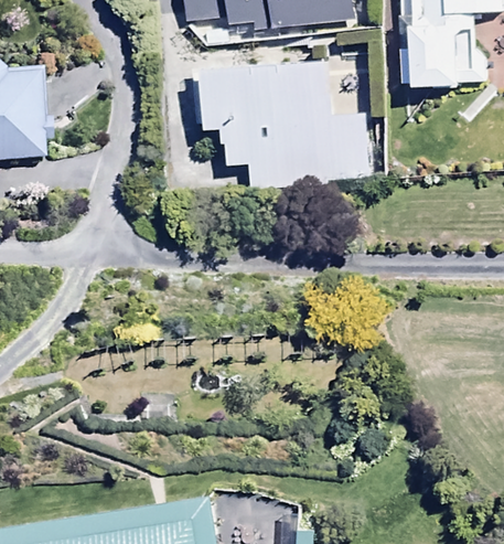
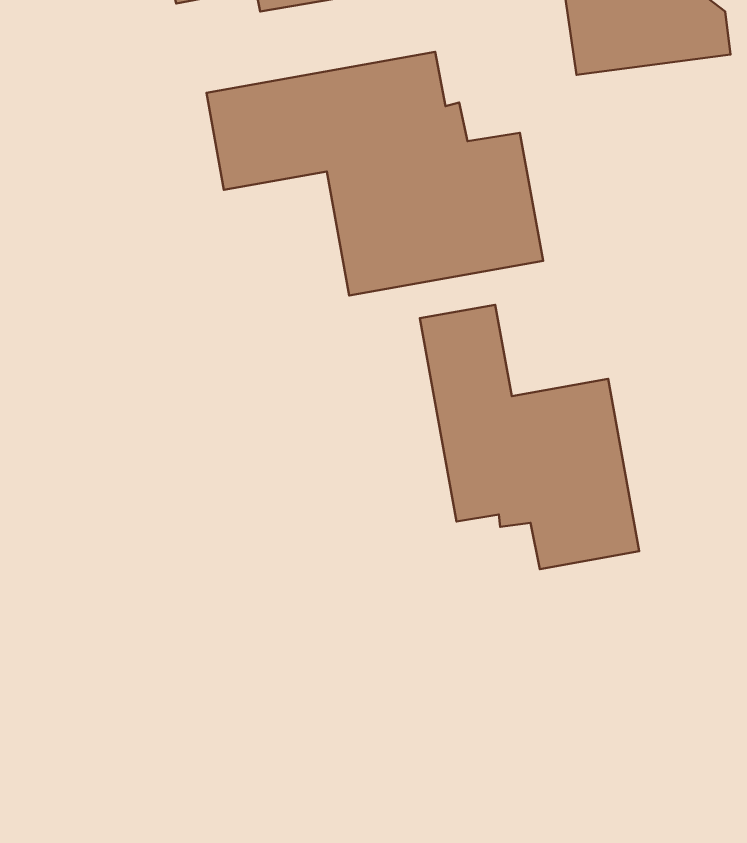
building: none -> [420,305,639,569]

